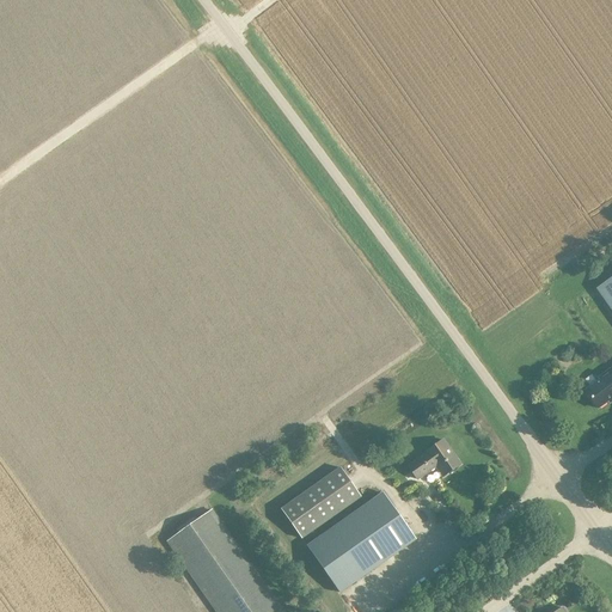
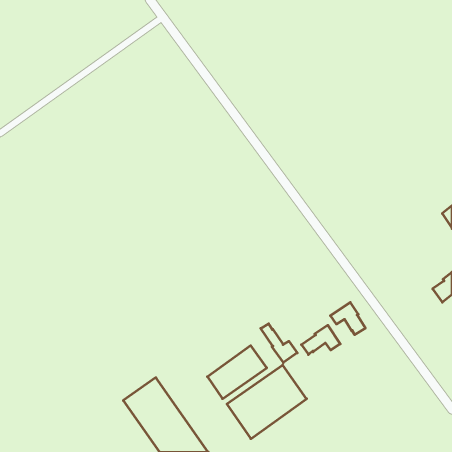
building: none -> [330,302,365,335]
building: none -> [261,324,297,363]

